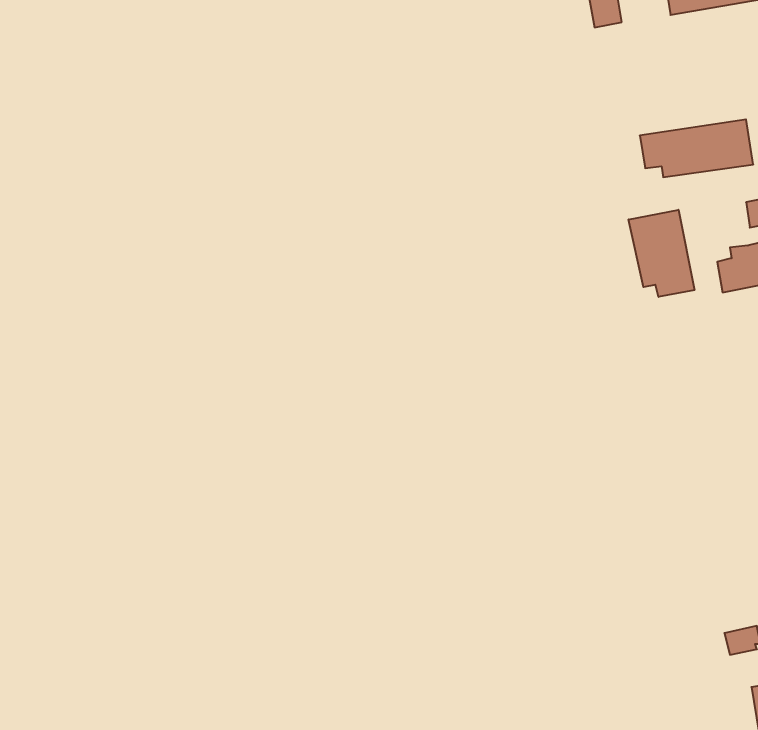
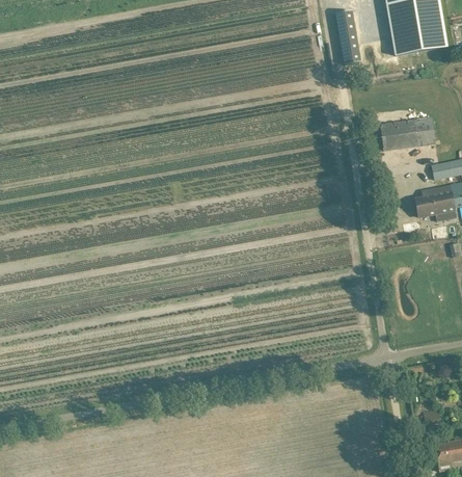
building: [629,210,694,297] -> none

